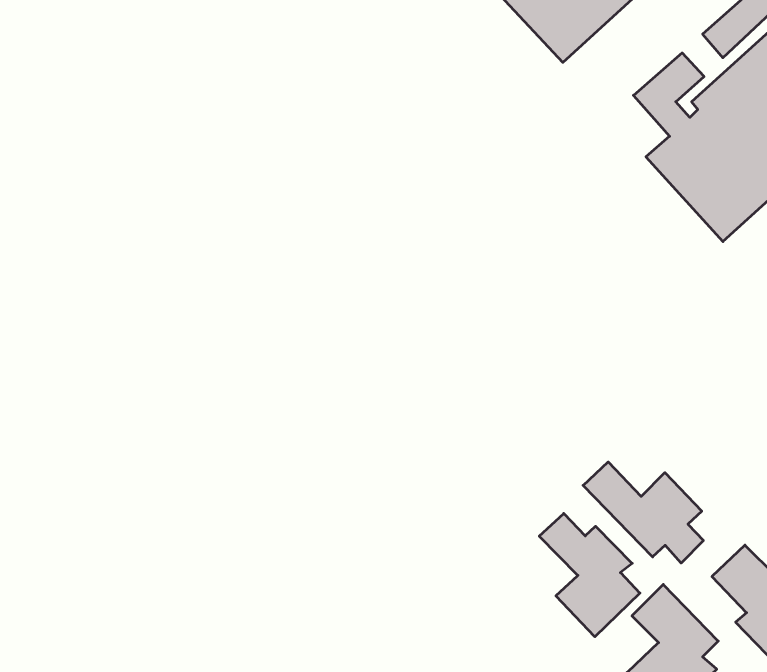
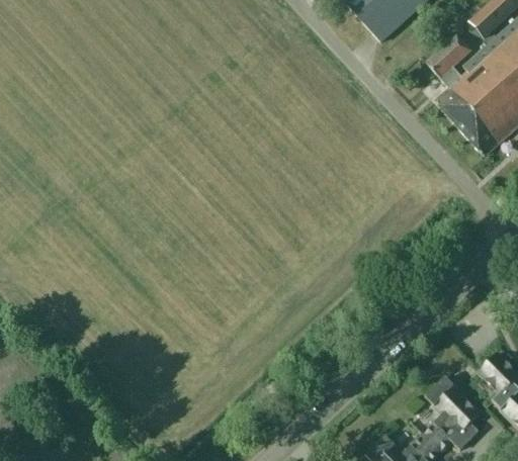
building: [583,462,703,563] -> none
building: [539,513,640,637] -> none

